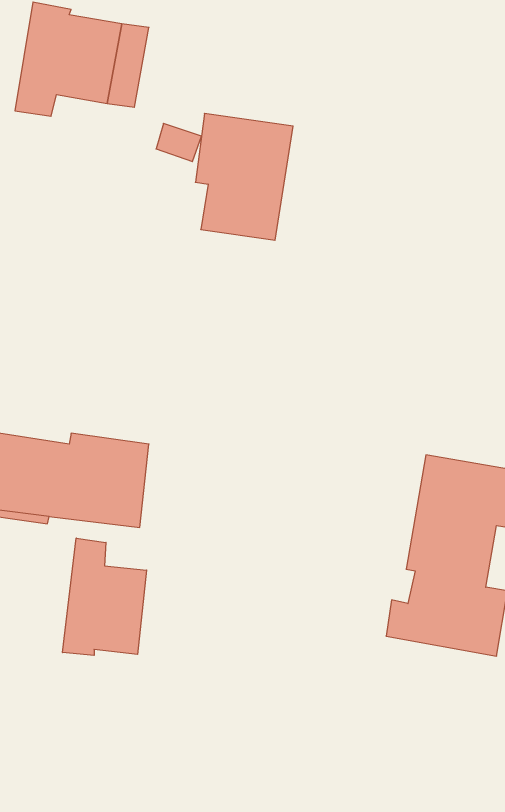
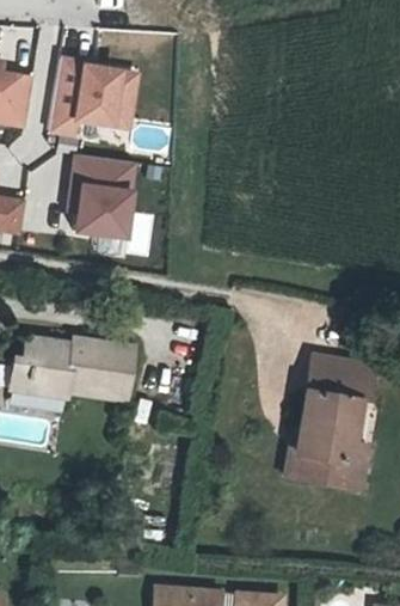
building: [195,113,293,240] -> [67,151,131,234]
building: [63,538,147,655] -> none

